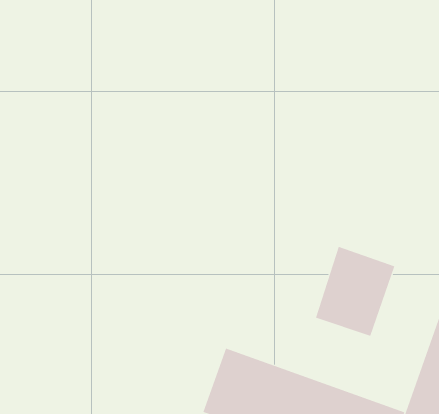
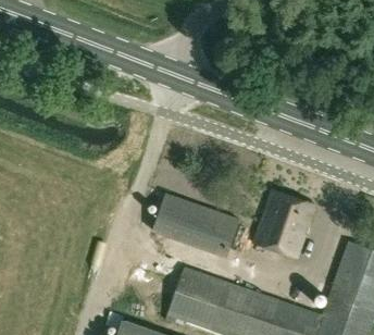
building: none -> [151,194,240,258]

